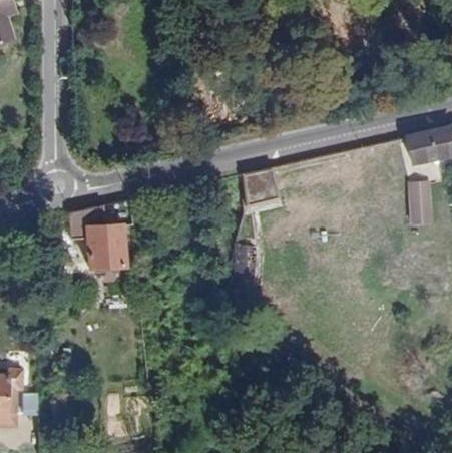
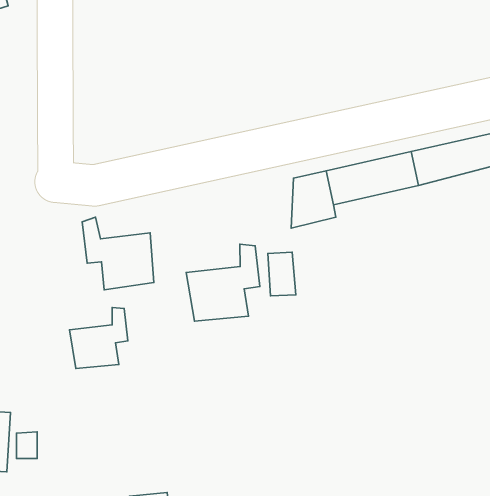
building: none -> [186,244,260,321]
building: none -> [69,307,128,368]

